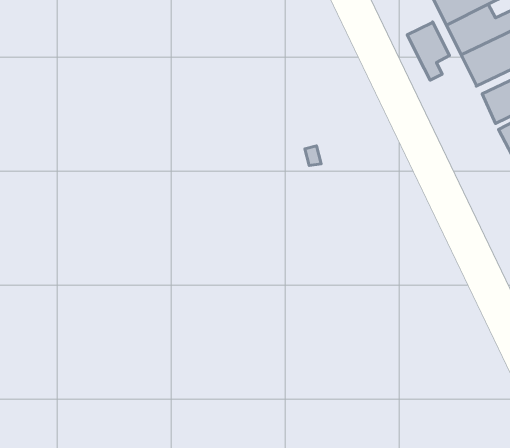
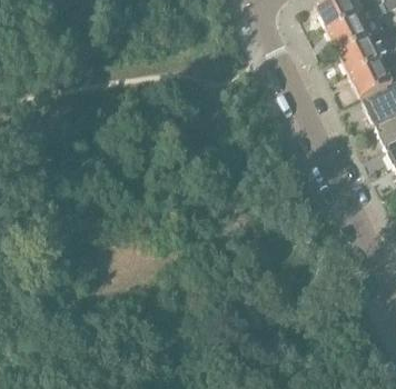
building: [407,22,450,80] -> none

